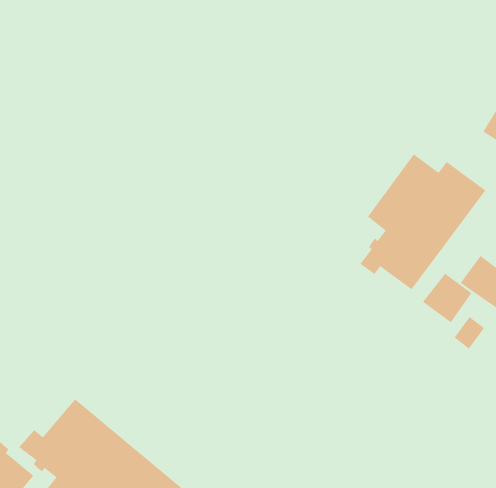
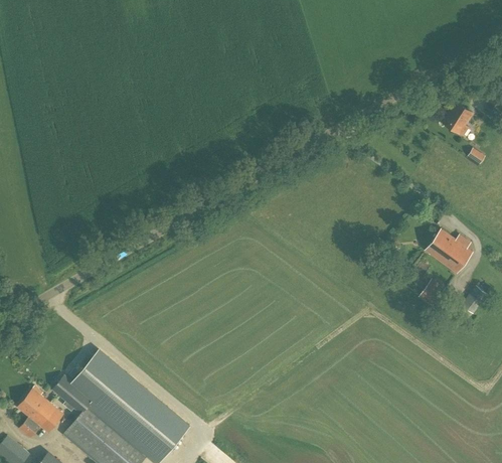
building: [359,154,486,290] -> none
building: [422,273,472,323] -> none

